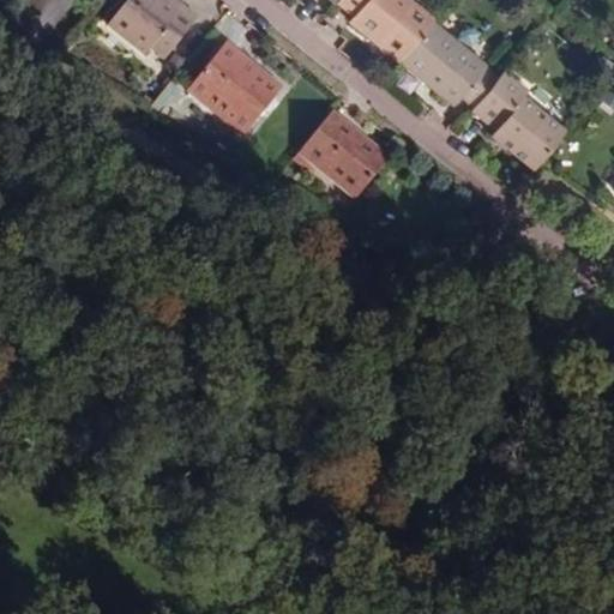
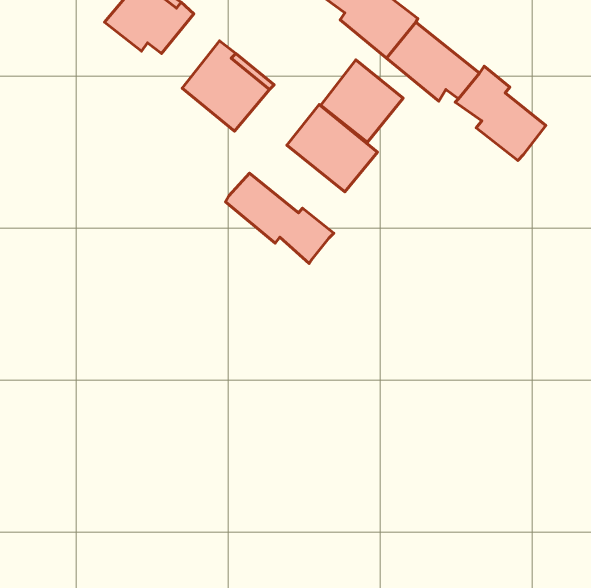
building: none -> [321,60,403,142]
building: none -> [225,173,334,263]

